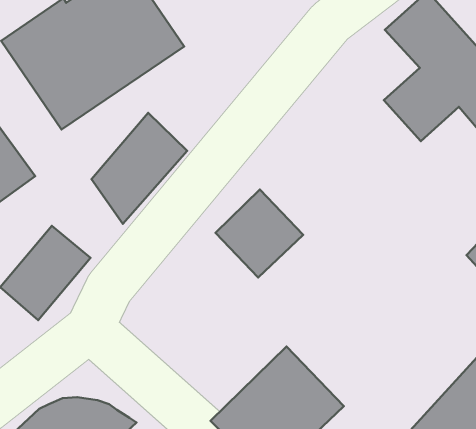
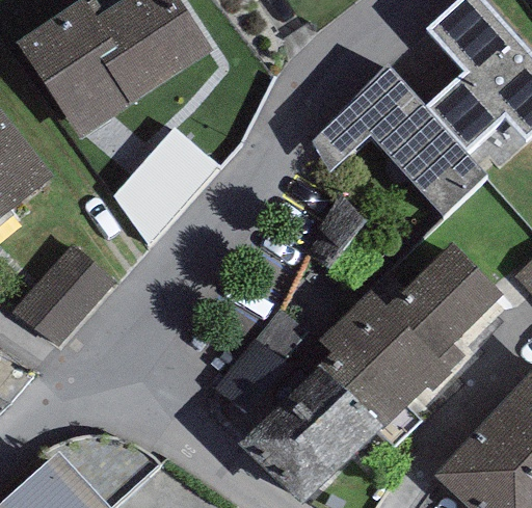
building: none -> [311,65,488,216]
building: [216,190,303,277] -> none
building: none -> [310,243,502,430]

